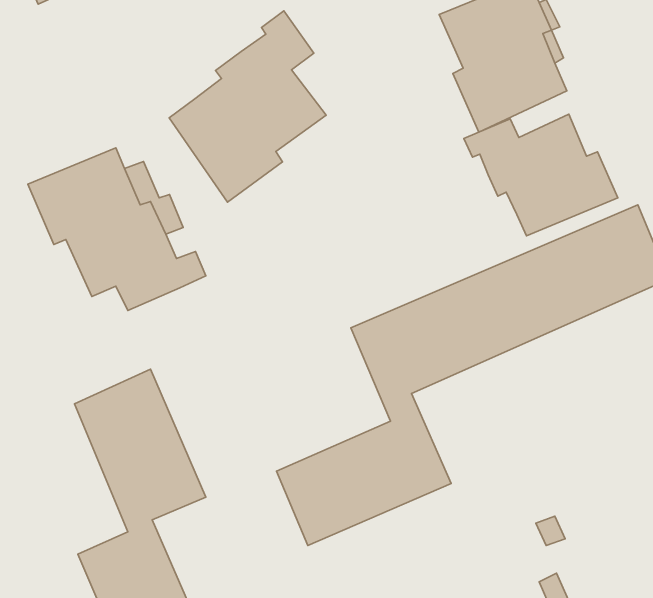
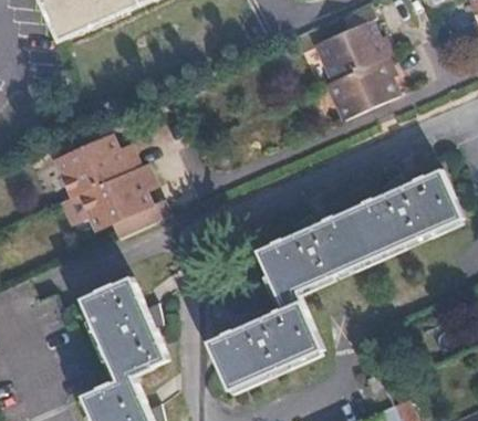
building: [169,11,326,202] -> none
building: [464,114,618,236] -> none

